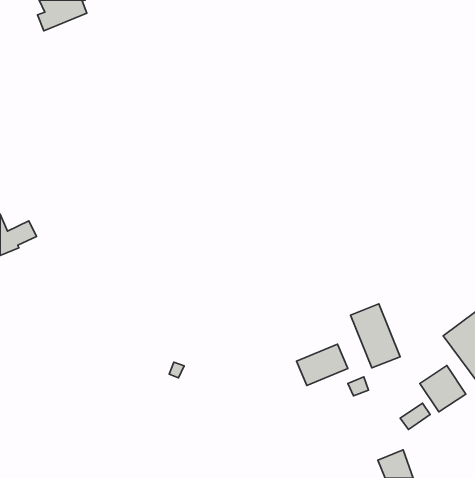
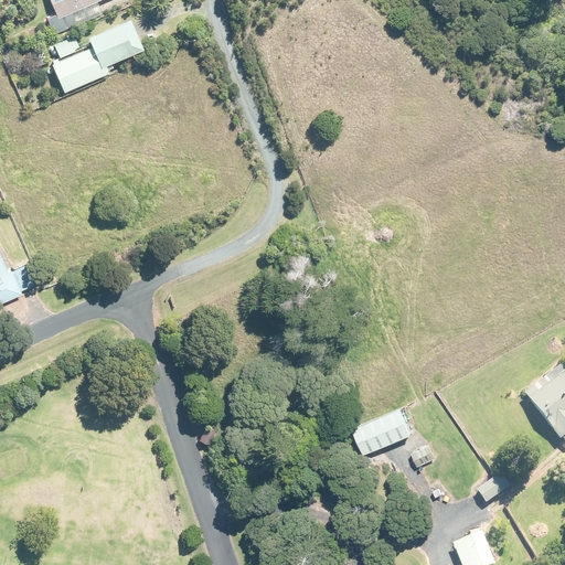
building: none -> [52,17,140,92]
building: [350,304,400,368] -> none
building: [420,366,466,412] -> none

